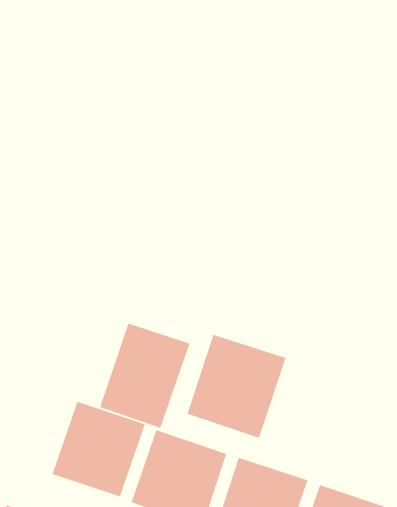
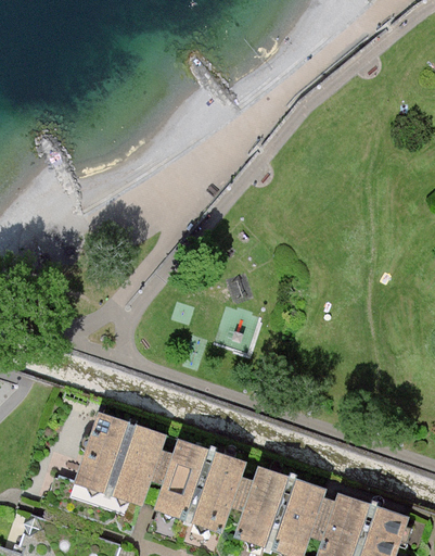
building: [99,323,190,429] -> none
building: [187,334,287,439] -> none

